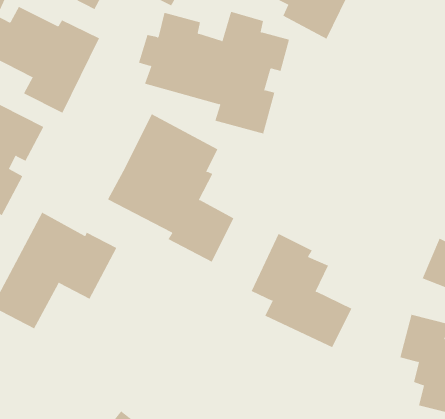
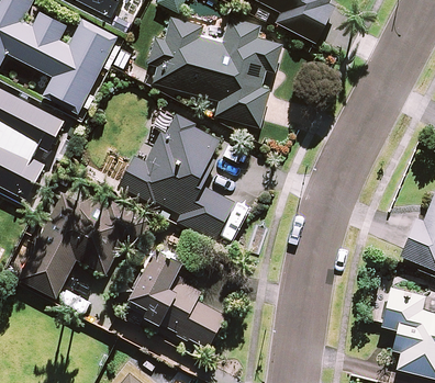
building: [251,233,352,348] -> [130,246,220,348]

